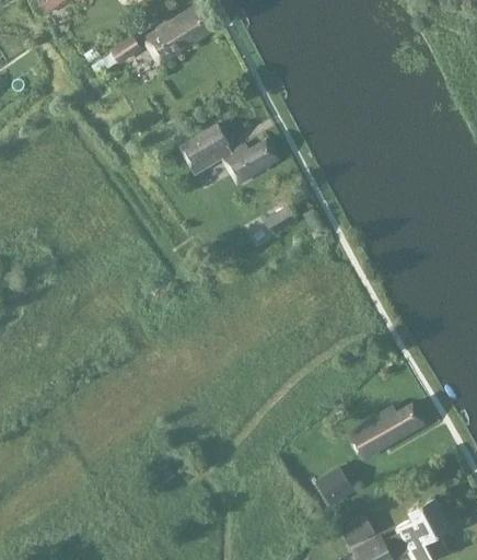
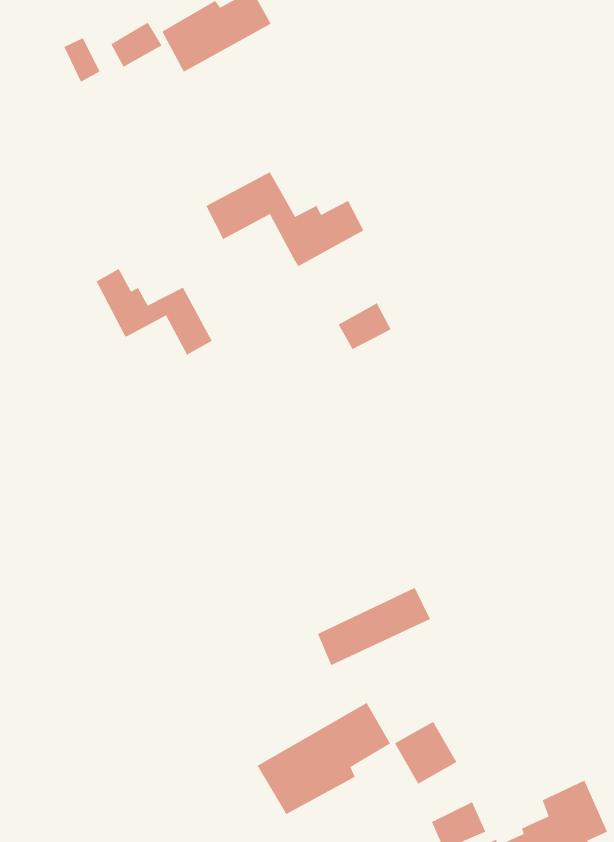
building: none -> [96,268,212,356]
building: [354,402,426,455] -> [317,587,431,666]
building: none -> [257,702,391,815]

